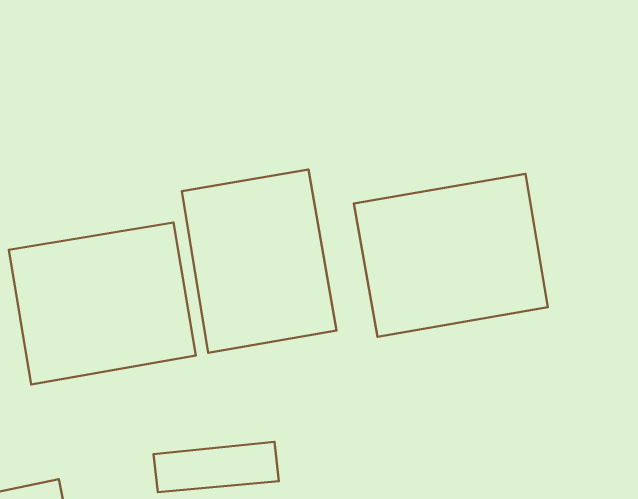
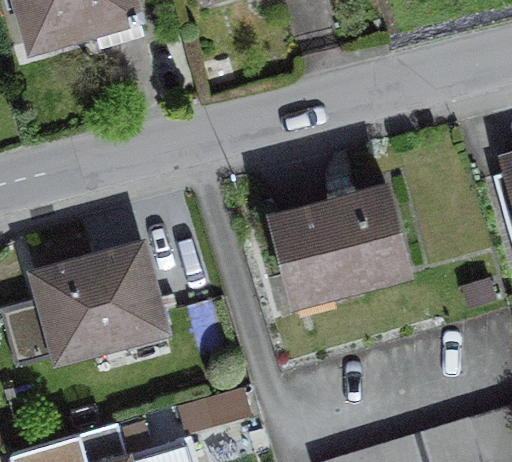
building: [182,169,336,353] -> none

